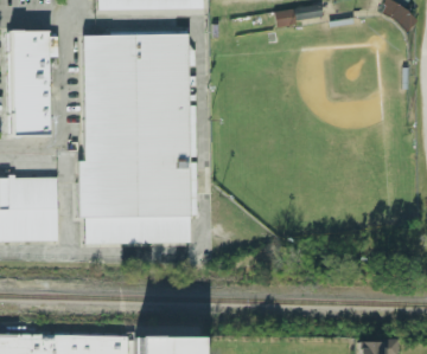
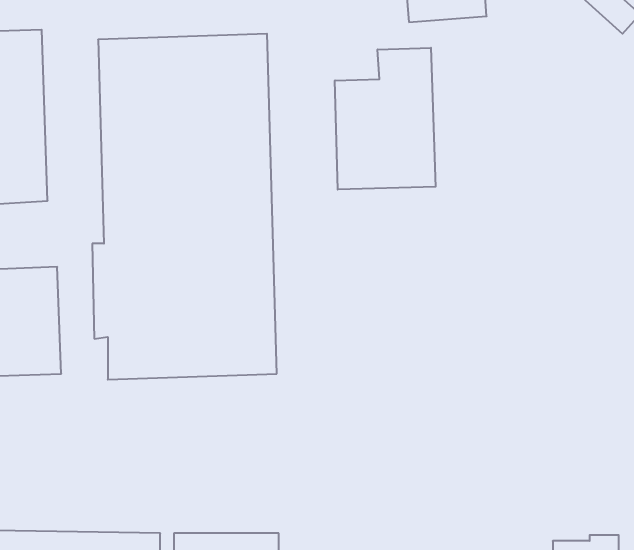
building: none -> [335,48,436,190]

